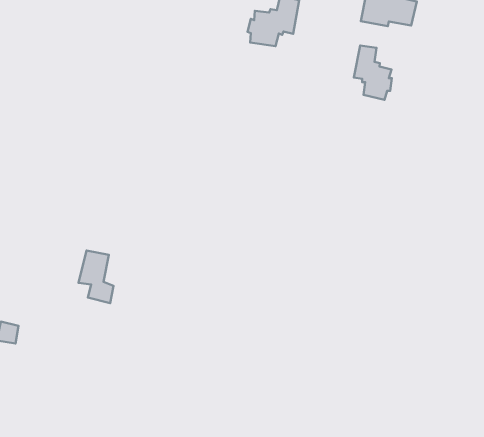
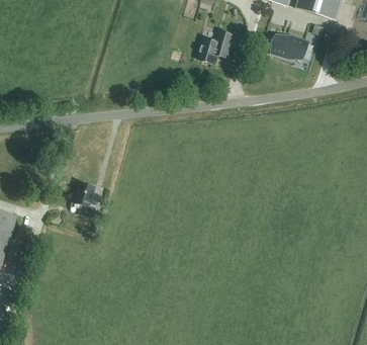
building: [354,46,392,100] -> none

